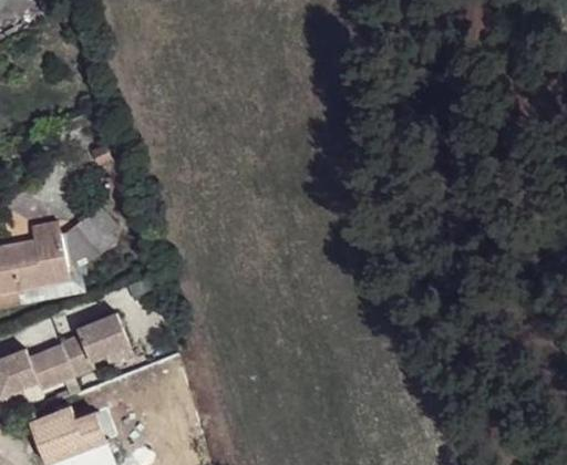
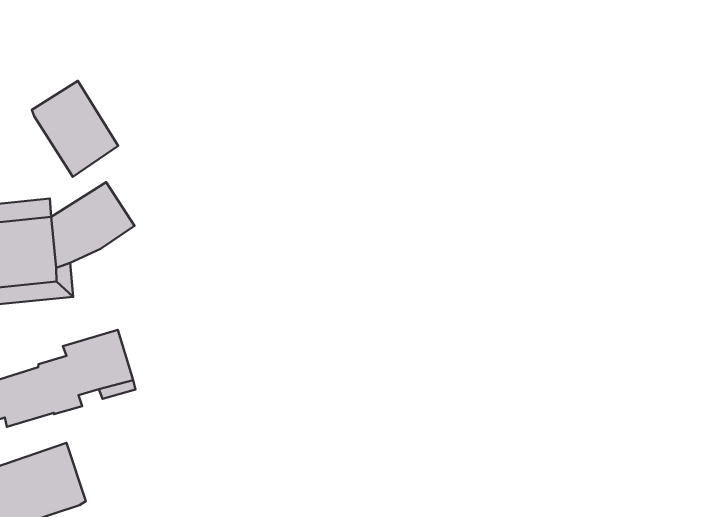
building: none -> [32,81,118,177]

